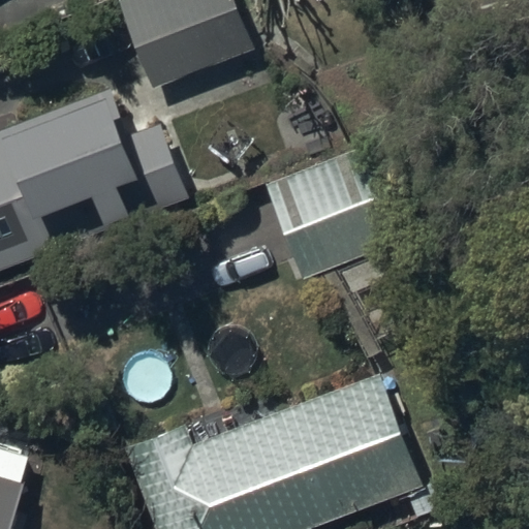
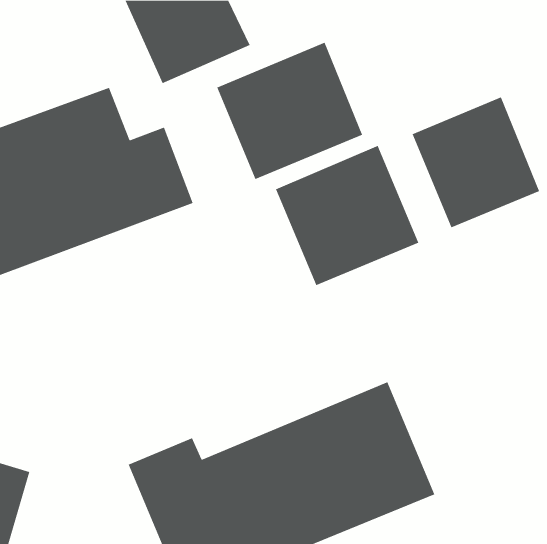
building: none -> [216,42,363,180]
building: none -> [412,97,540,228]

